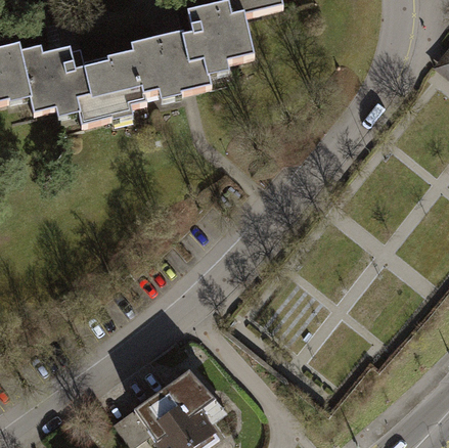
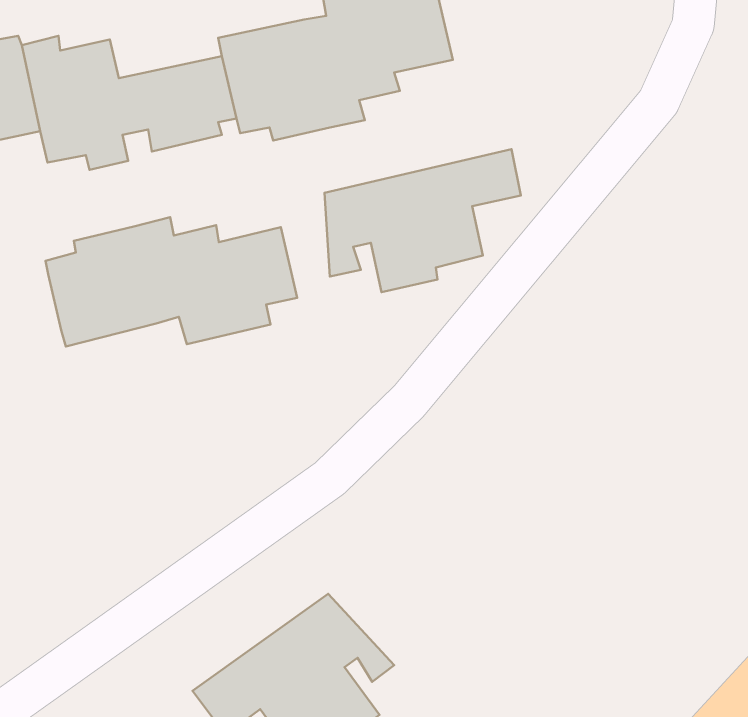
building: none -> [325,149,521,292]
building: none -> [45,217,297,346]

